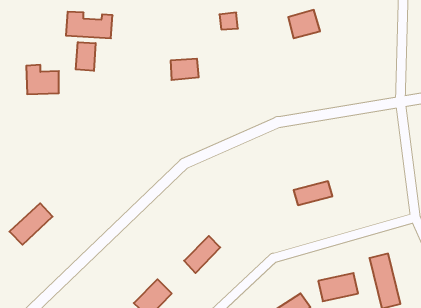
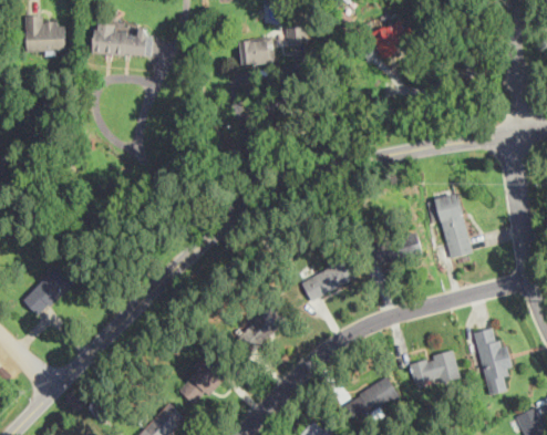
building: [76,42,96,71] -> none
building: [171,59,199,80] -> [240,39,276,65]
building: [26,65,59,94] -> [25,14,66,51]
building: none -> [433,191,474,259]
building: none -> [301,258,355,301]

